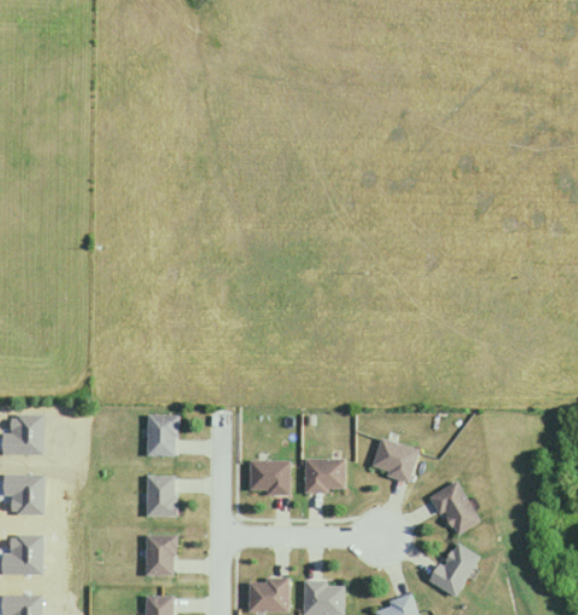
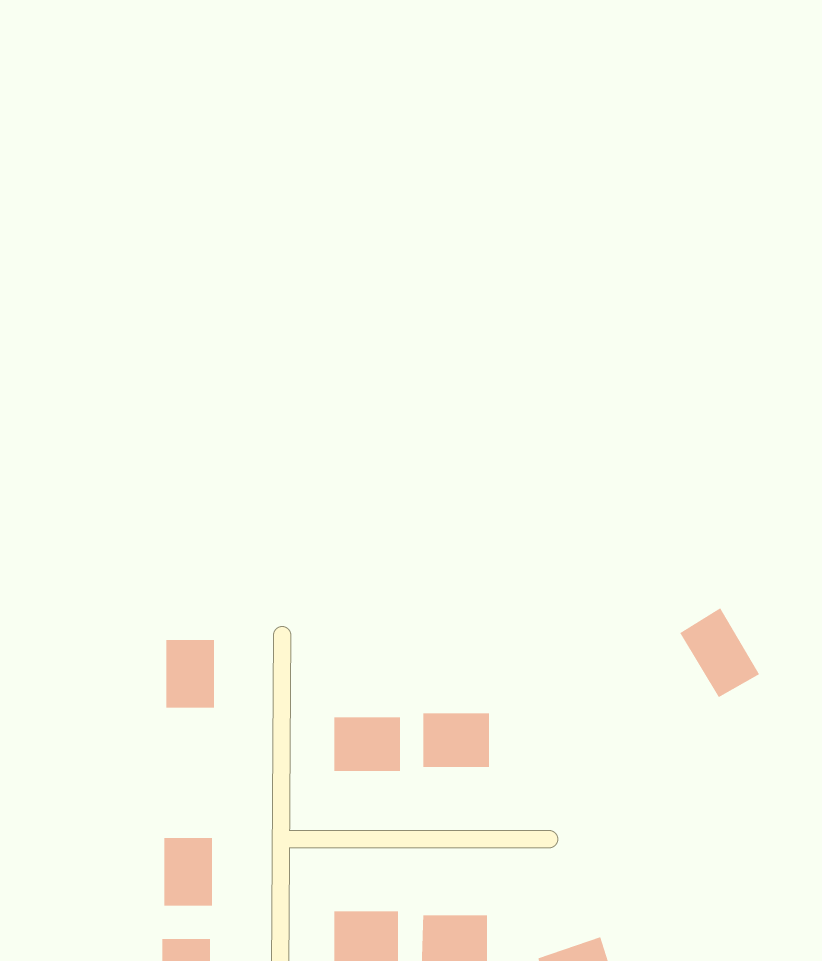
building: [371,438,419,480] -> none
building: [148,476,178,517] -> none
building: [431,480,481,536] -> [679,607,760,698]
building: [430,541,481,597] -> none

